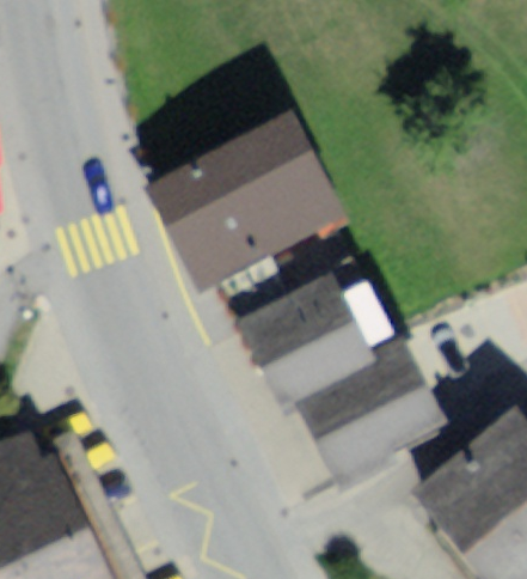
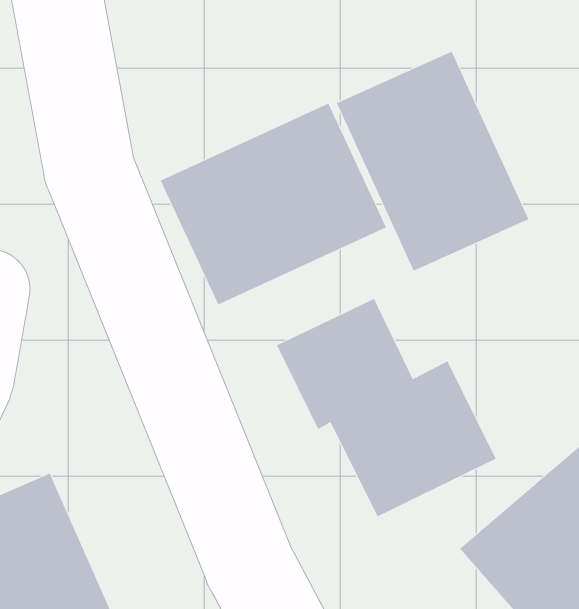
building: none -> [336,51,529,272]

